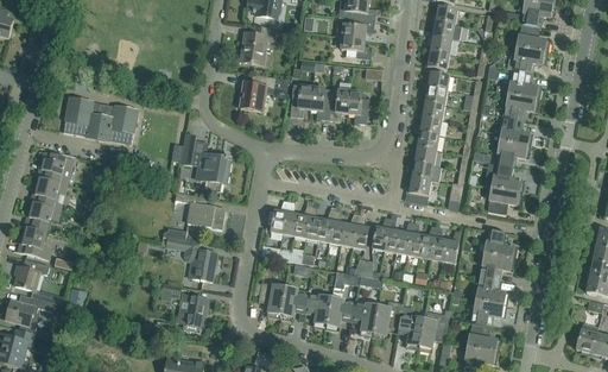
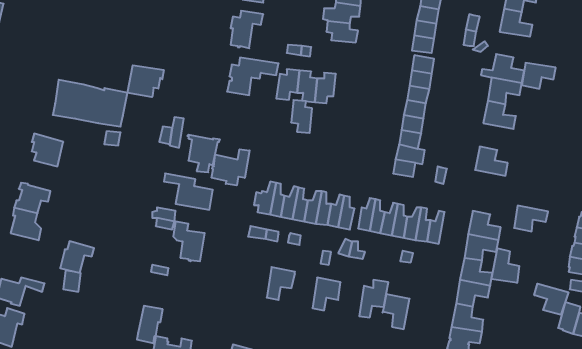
building: [513,48,547,74] -> [522,63,556,89]
building: none -> [128,65,164,97]
building: [348,90,369,124] -> [291,100,312,133]
building: [496,140,531,168] -> none
building: none -> [212,149,250,185]
building: [34,176,68,209] -> none
building: [488,188,522,214] -> [514,206,548,231]
building: [15,258,50,290] -> [60,241,94,273]
building: none -> [491,248,519,283]
building: [255,282,285,317] -> none
building: [305,294,331,328] -> none
building: [183,295,209,333] -> [137,306,163,343]
building: [353,302,379,336] -> none
building: none -> [534,284,568,315]
building: [419,309,450,351] -> none

